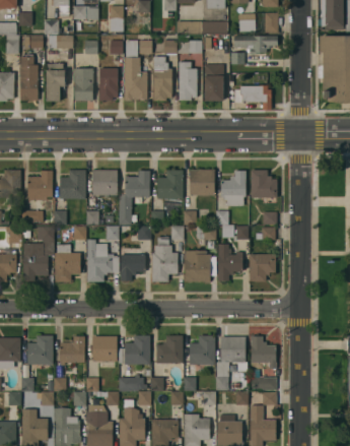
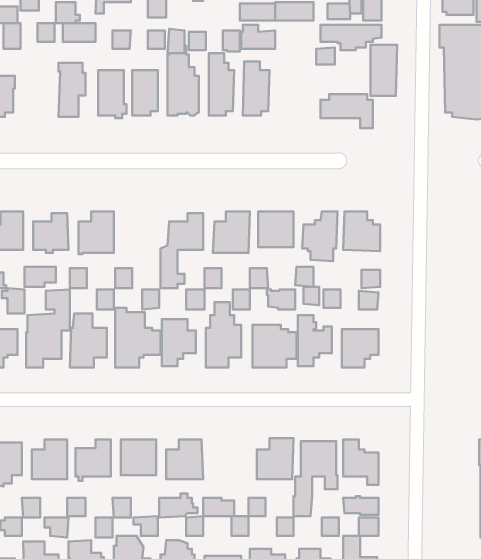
building: [21,55,39,102] -> none
building: [205,65,224,102] -> [370,45,397,96]
building: [92,171,118,196] -> none
building: [156,333,183,362] -> none

